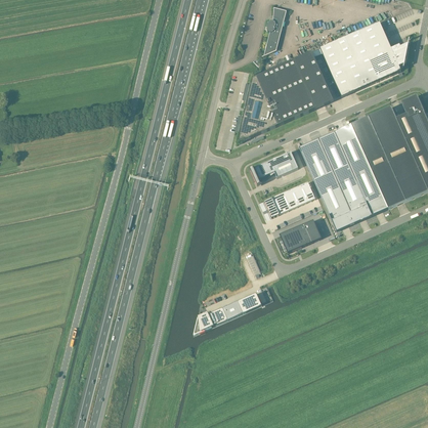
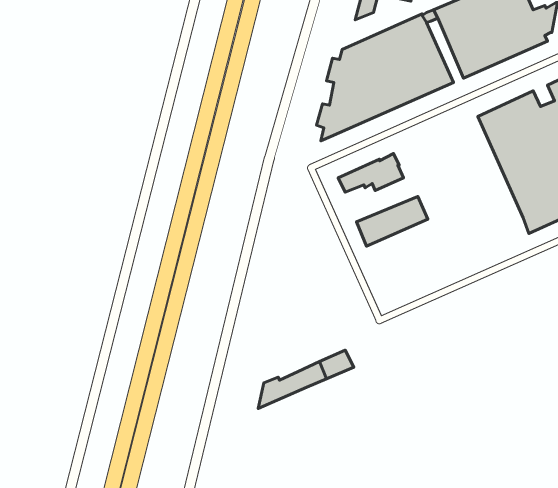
building: [296,122,388,230] -> none
building: [282,218,322,251] -> none

